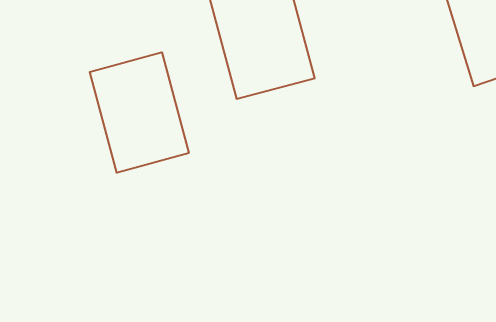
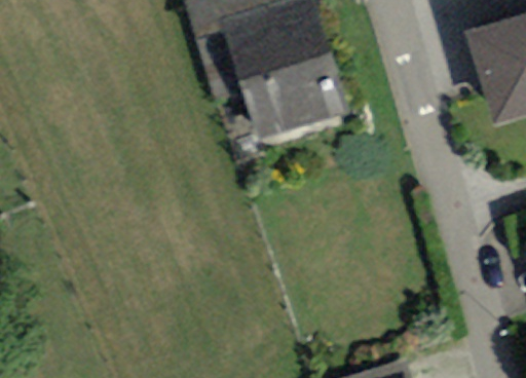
building: [90,52,189,173] -> none

